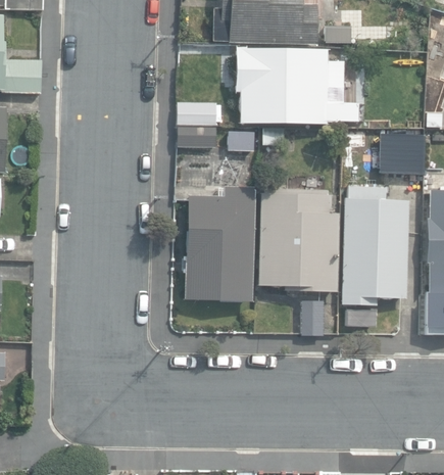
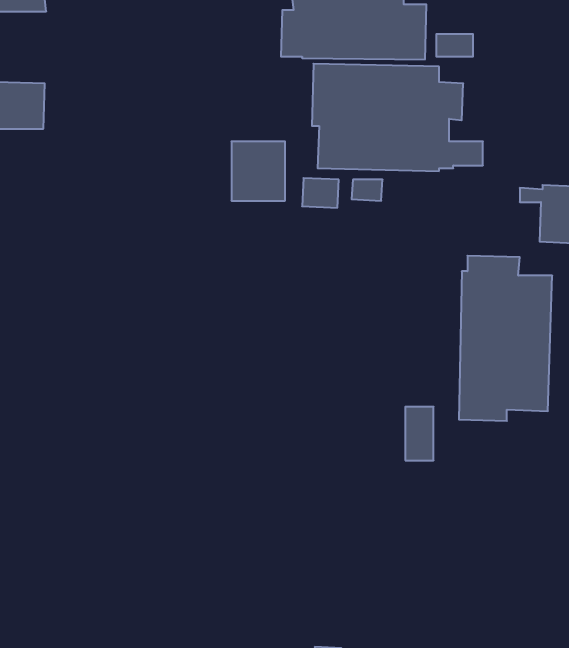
building: [184,186,255,301] -> none
building: [257,188,340,292] -> none

